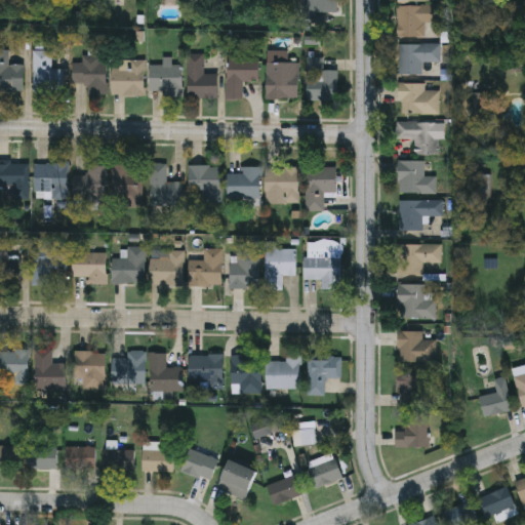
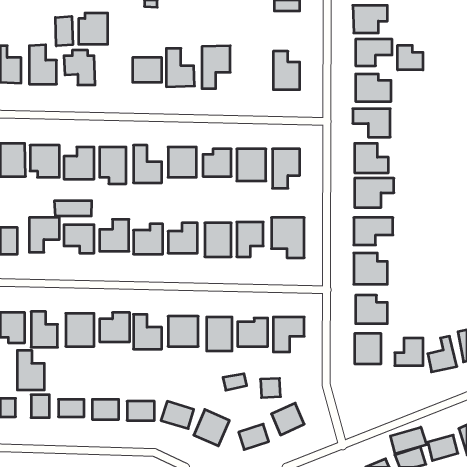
building: none -> [55,16,73,46]
building: none -> [398,45,423,70]
building: [111,60,144,95] -> [79,13,108,44]
building: [267,63,298,100] -> none
building: none -> [55,201,92,216]
building: none -> [17,350,44,390]
building: [396,416,428,447] -> [395,338,423,366]
building: none -> [390,427,427,454]

